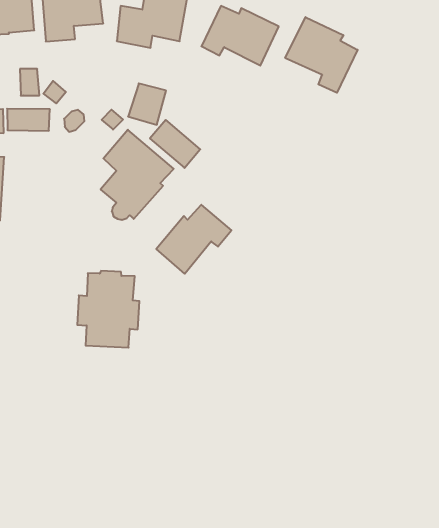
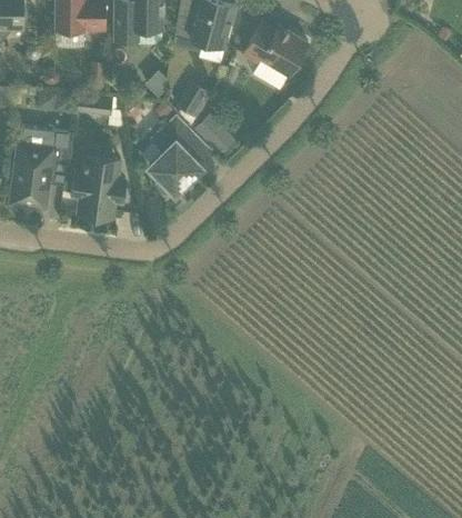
building: [285,17,358,93] -> none
building: [156,205,231,274] -> none
building: [77,271,139,348] -> [71,152,124,218]

